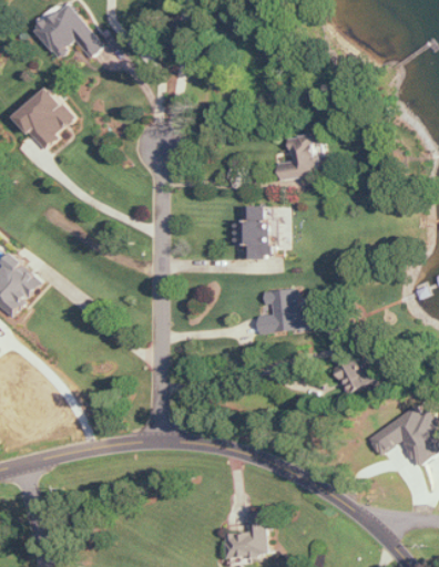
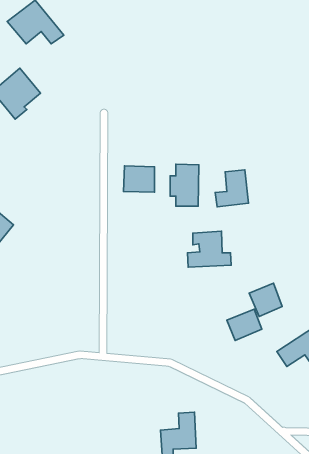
building: [275,134,316,179] -> [215,170,248,207]
building: none -> [124,166,155,192]
building: none -> [227,309,262,340]

